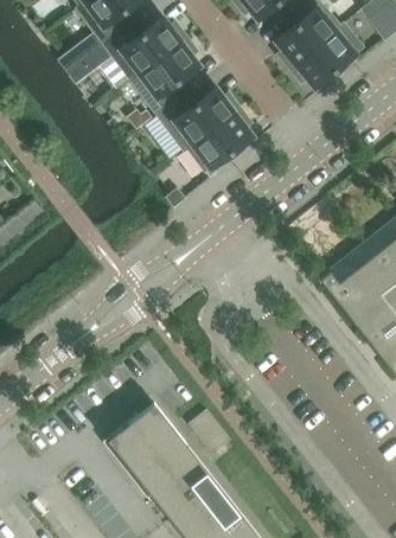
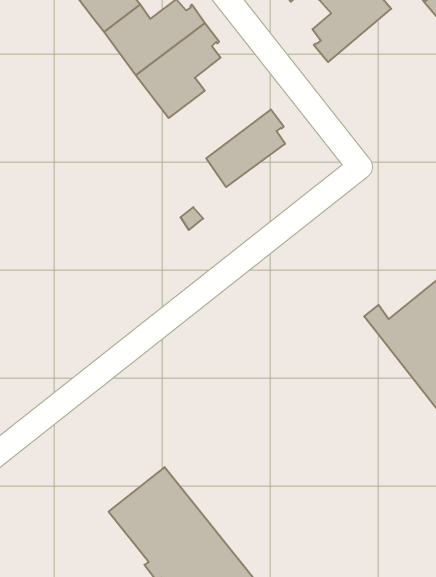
building: [288,23,363,88] -> none
building: [57,32,113,84] -> none
building: [157,88,241,152] -> none

